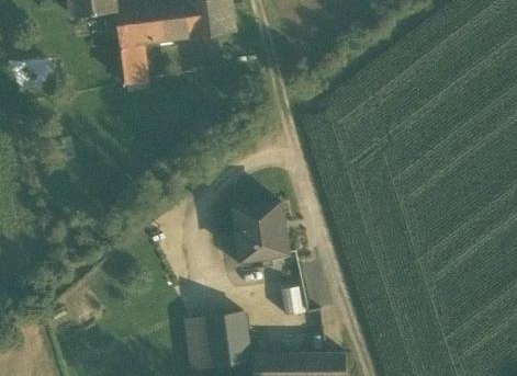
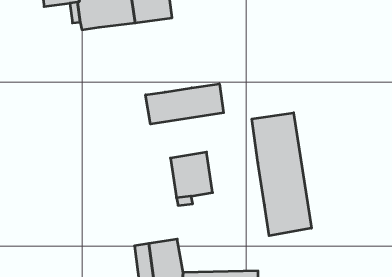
building: [120,43,146,83] -> none
building: none -> [146,84,224,124]
building: none -> [252,113,311,236]

